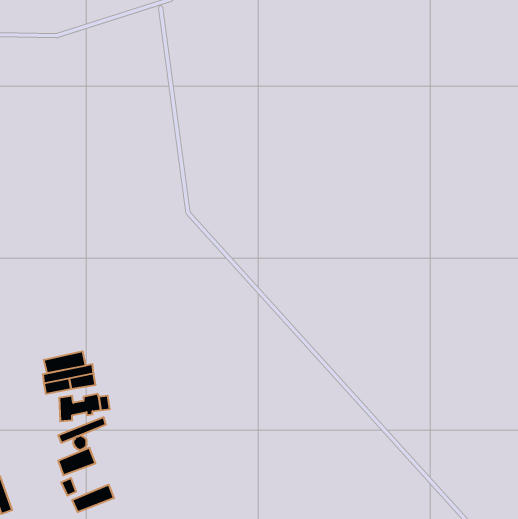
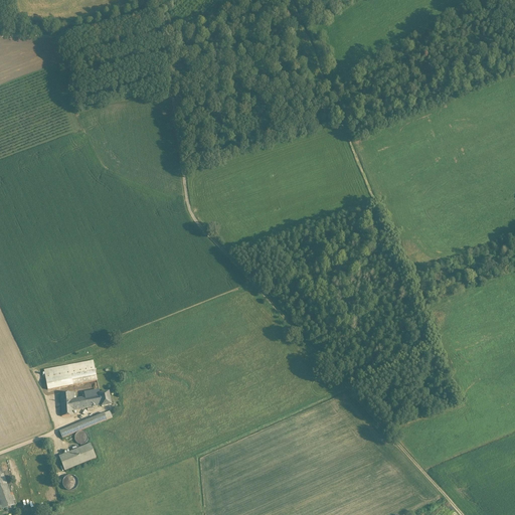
building: [44,351,86,373] -> none
building: [72,485,114,512] -> none

